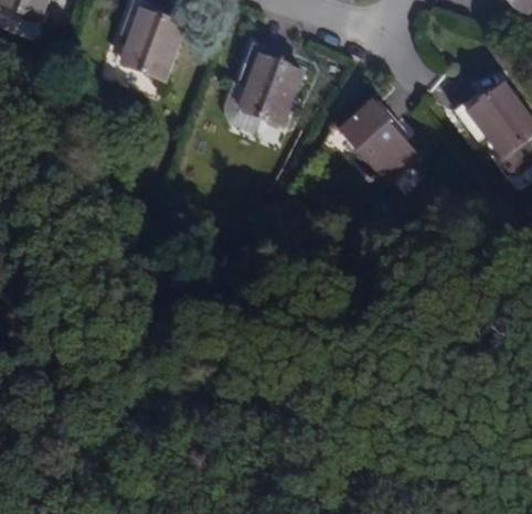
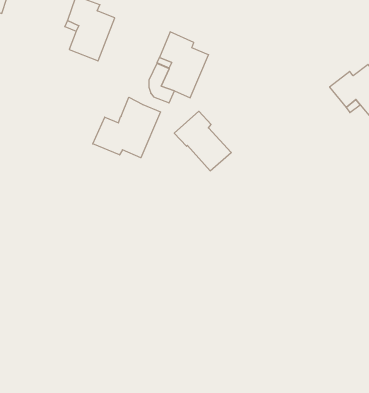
building: [343,105,415,180] -> [174,111,231,171]
building: none -> [93,97,161,158]

